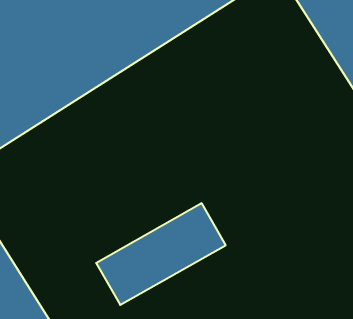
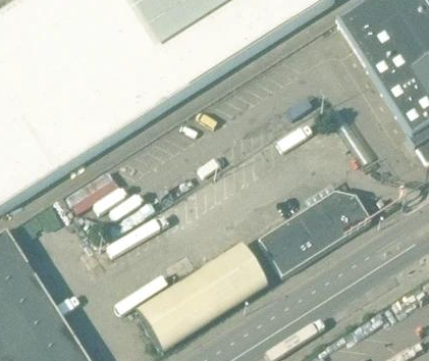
building: none -> [260,190,372,275]

